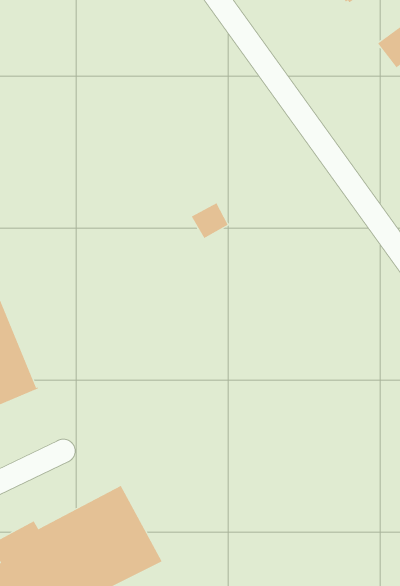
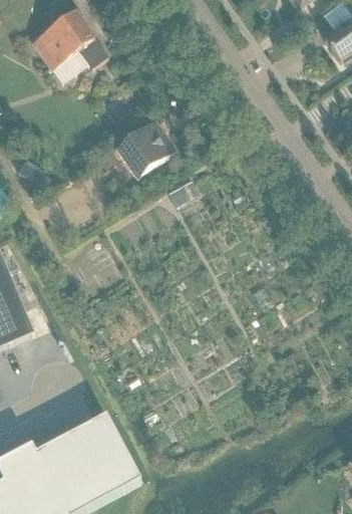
building: none -> [32,10,107,68]
building: none -> [116,120,174,177]

